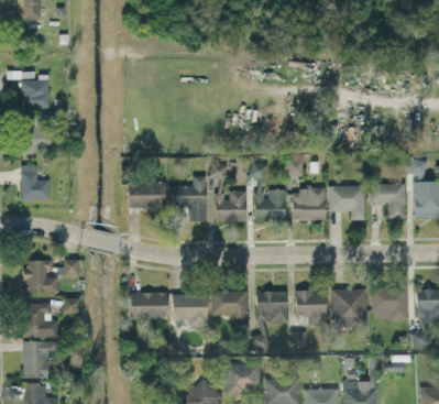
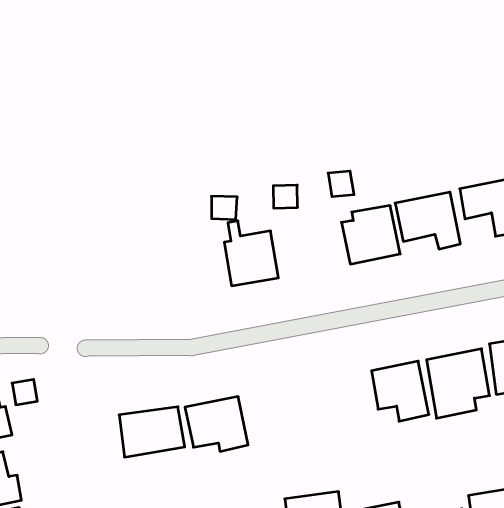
building: [172,176,206,220] -> none
building: [128,182,166,208] -> none
building: [254,189,286,220] -> none
building: [211,291,248,321] -> none
building: [253,291,288,349] -> none

